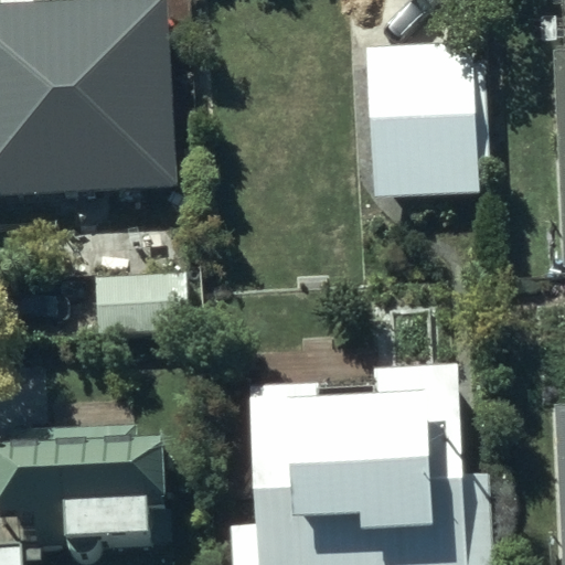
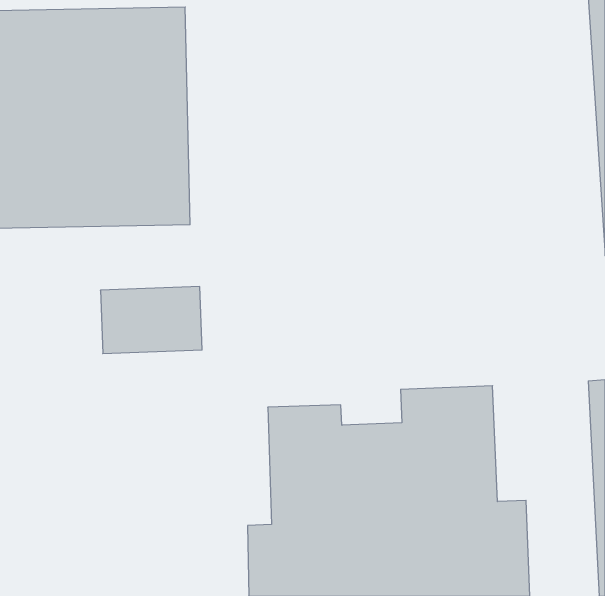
building: [371,42,468,180] -> none
building: [10,440,179,541] -> none

